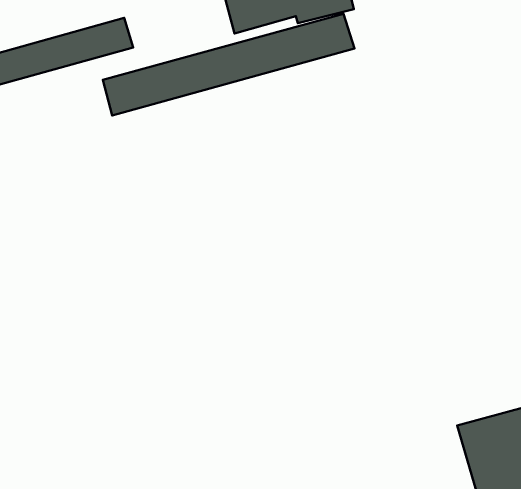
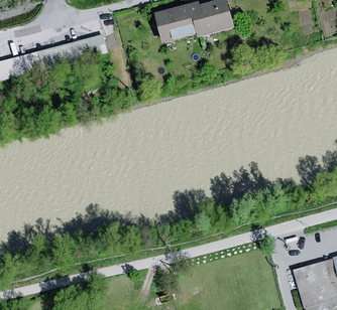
building: [103,14,355,115] -> none

